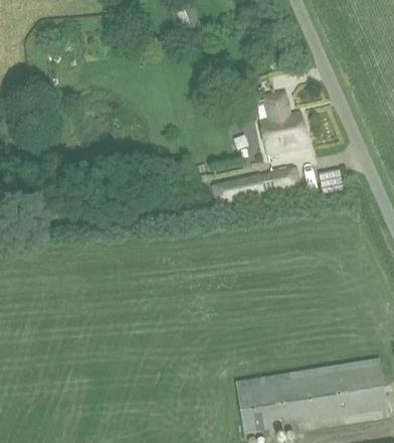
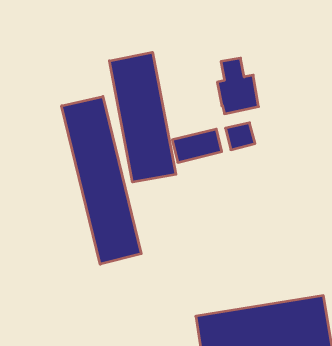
building: none -> [109,52,176,182]
building: none -> [62,96,141,264]

